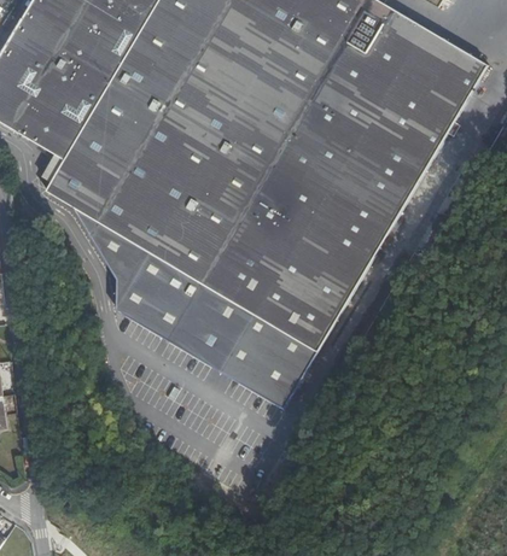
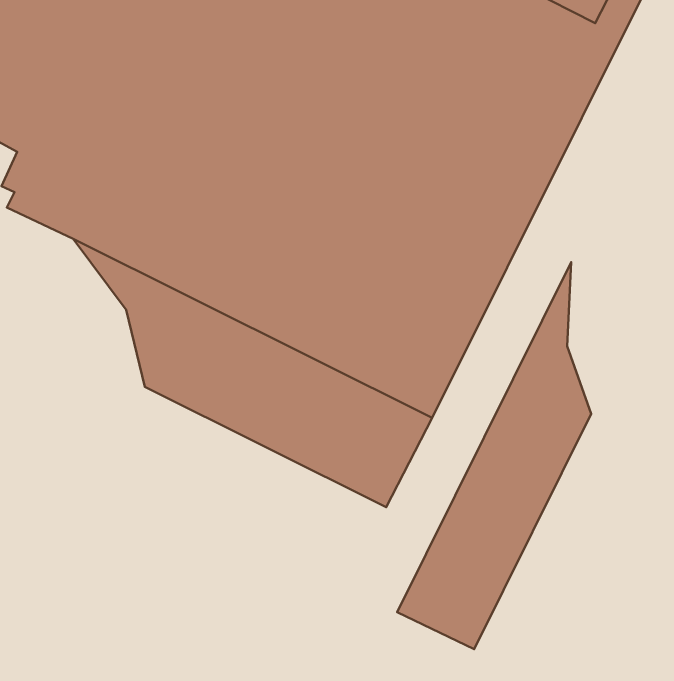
building: none -> [397,262,591,649]

